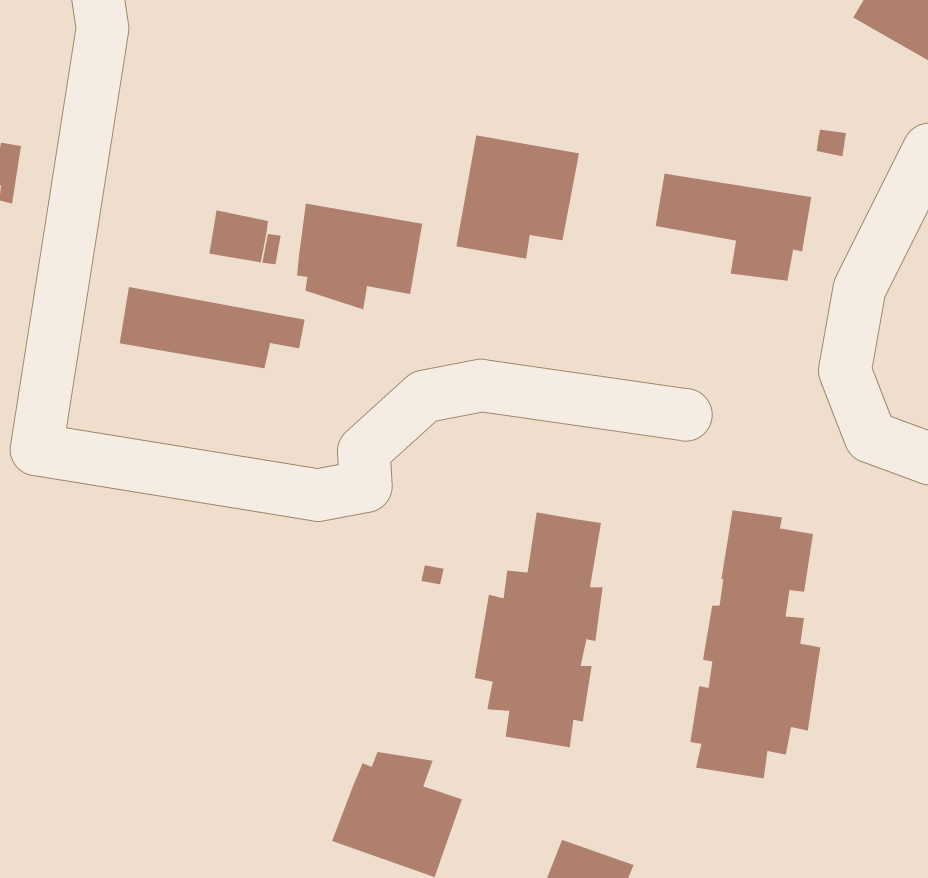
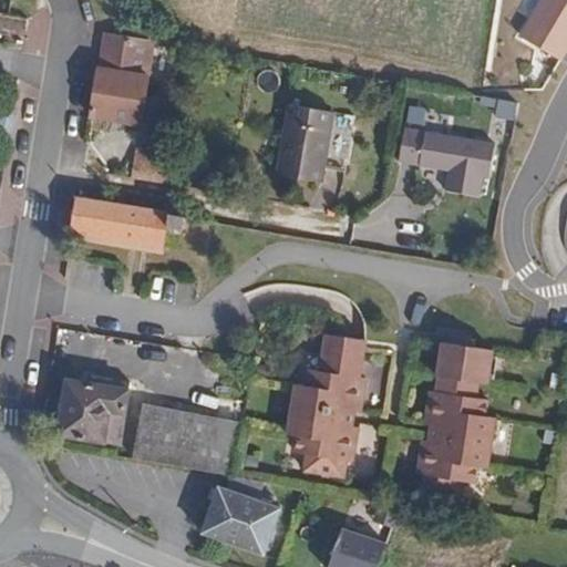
building: none -> [89,33,151,127]
building: [296,203,423,310] -> none
building: none -> [52,378,131,446]
building: none -> [135,408,243,477]

